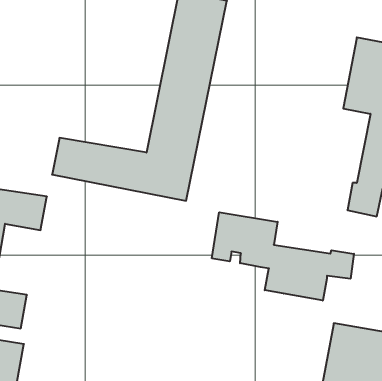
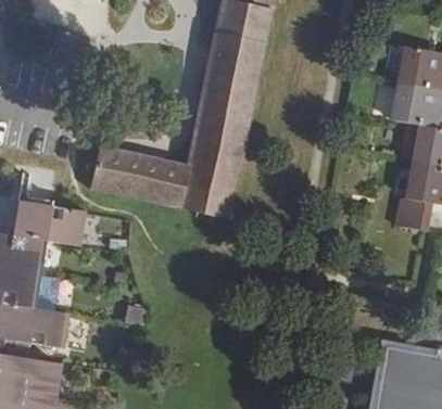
building: [212,212,354,301] -> none

